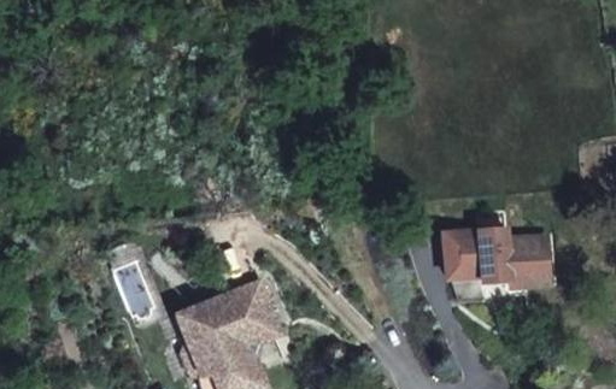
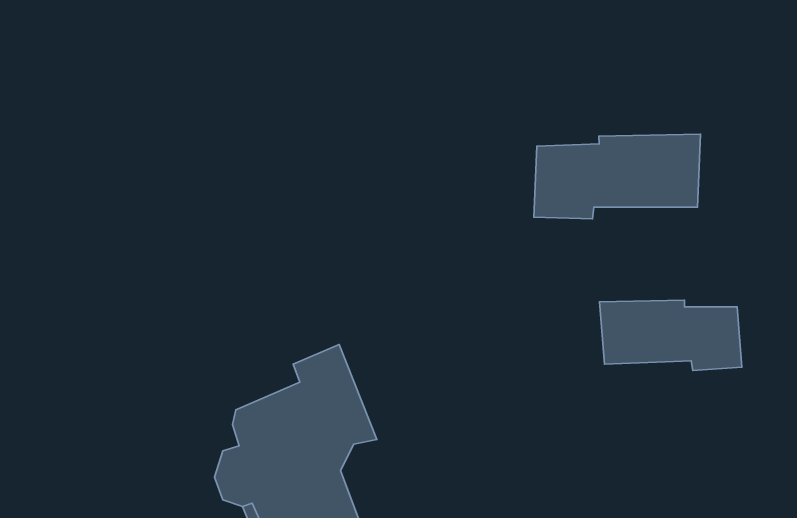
building: none -> [534,134,701,219]

